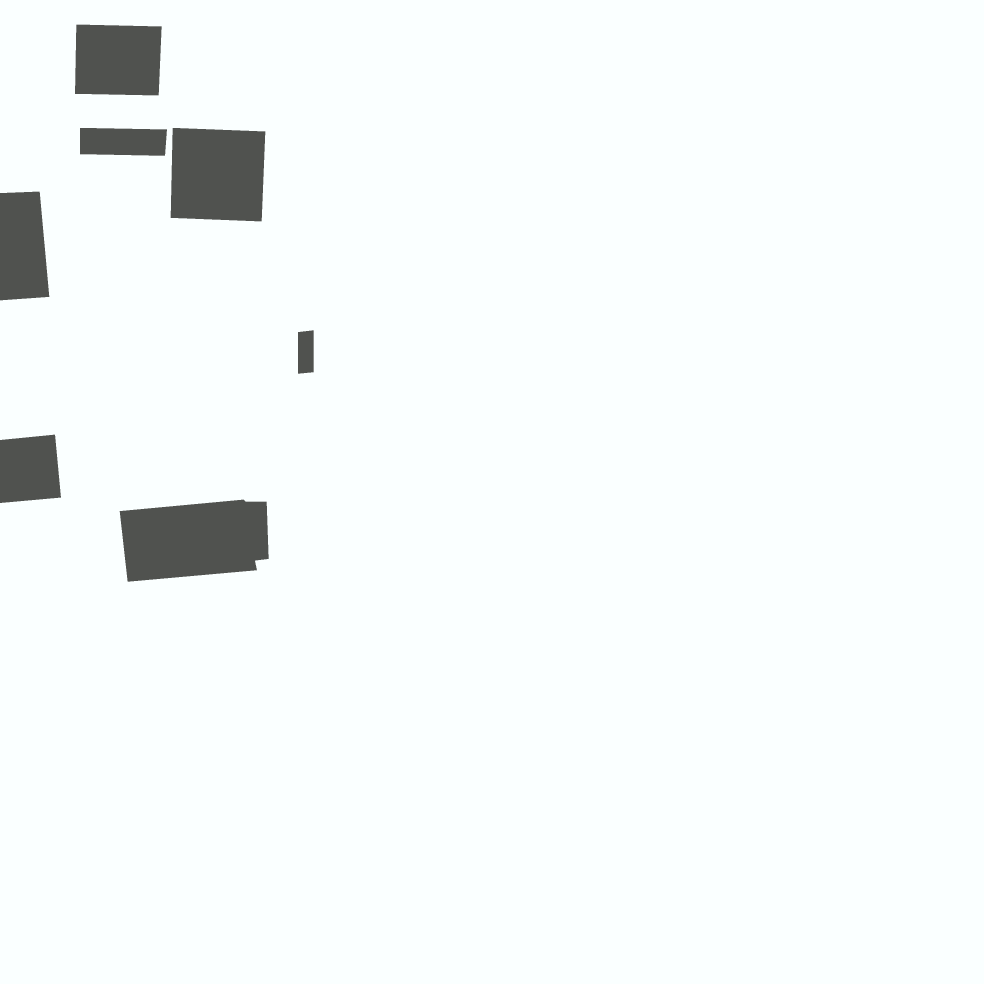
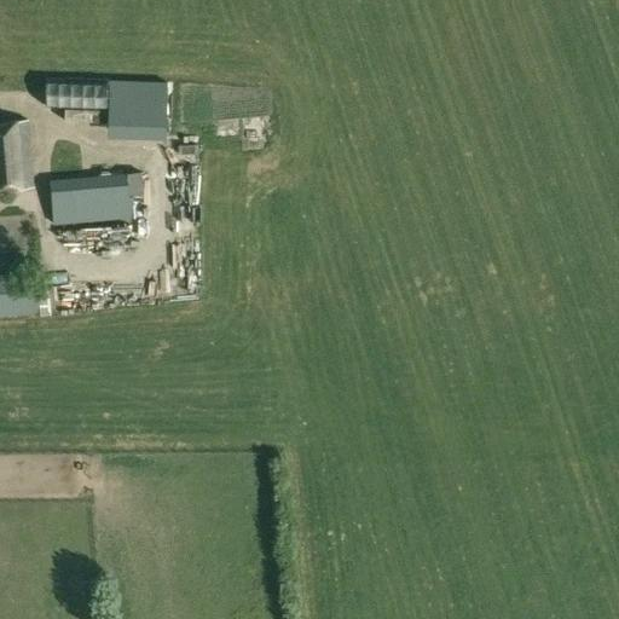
building: [75,24,162,96] -> none
building: [119,499,269,582] -> [47,173,141,225]

